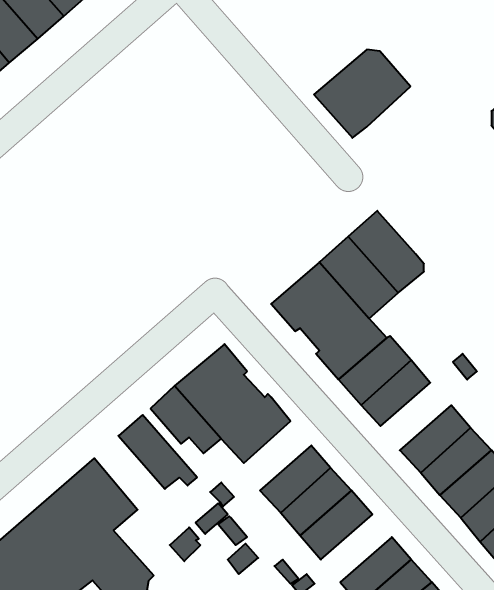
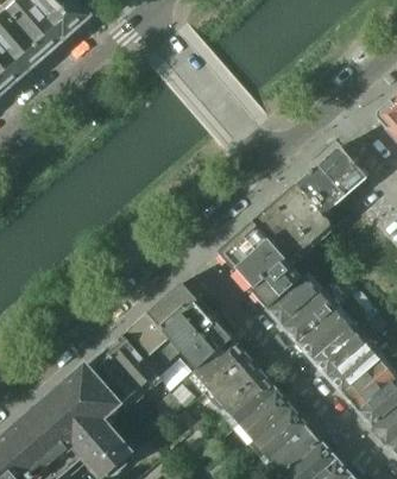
building: [314,50,410,138] -> [295,151,366,216]
building: none -> [297,311,349,361]
building: none -> [193,340,246,391]
building: none -> [86,351,144,406]
building: none -> [253,409,305,459]

